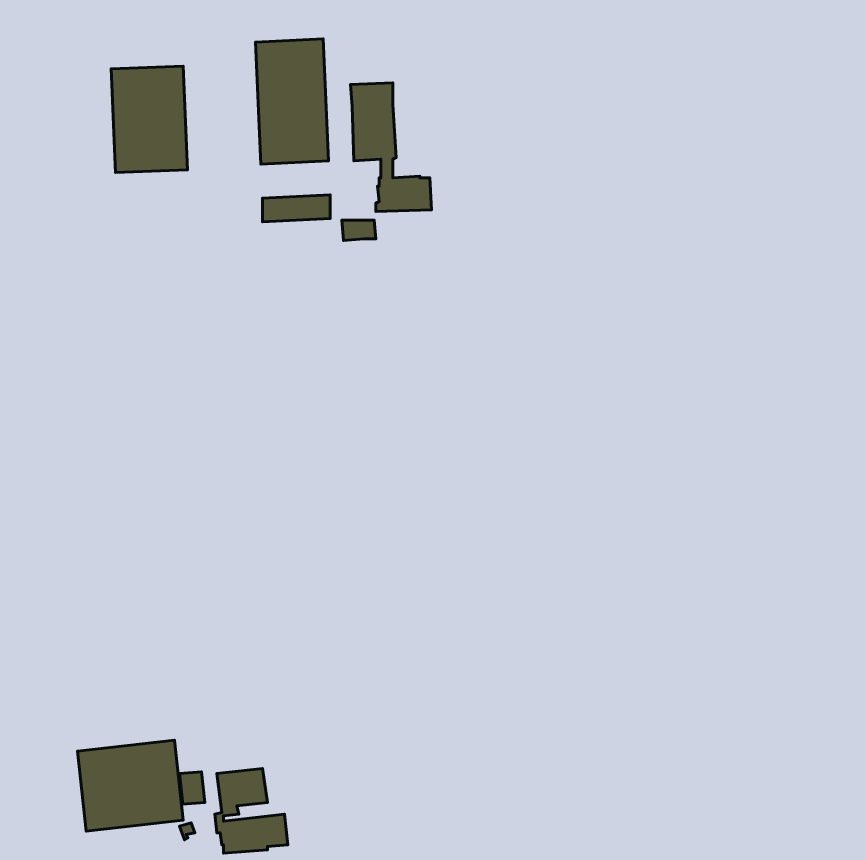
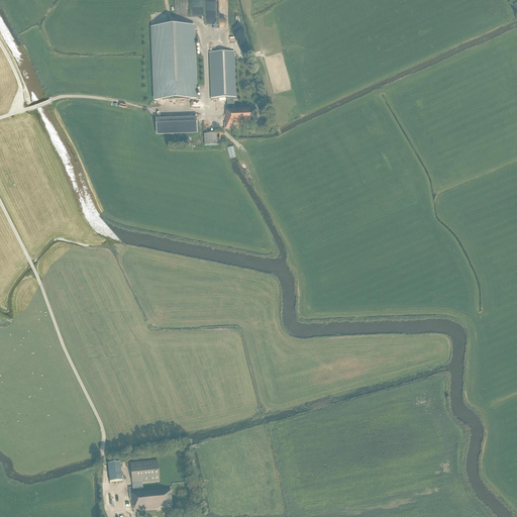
building: [111,66,188,172] -> none
building: [78,740,183,831] -> none

